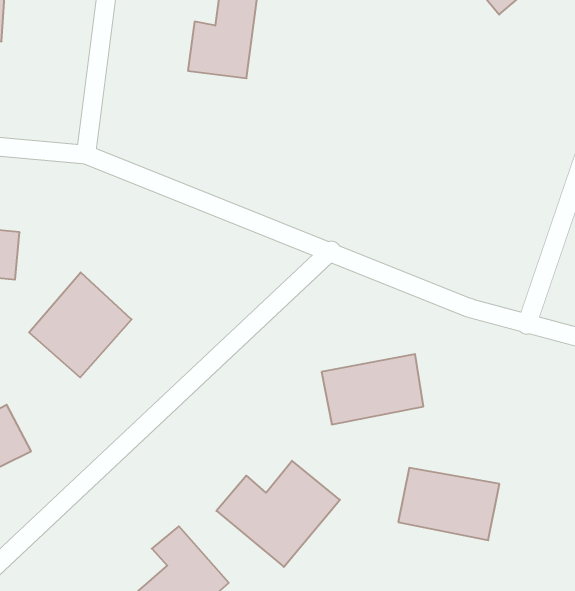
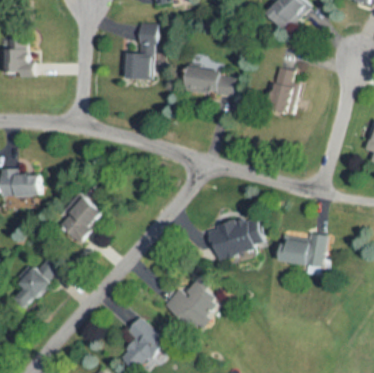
building: none -> [186,68,232,94]
building: none -> [272,67,298,109]
building: [398,468,499,540] -> [276,232,327,266]

